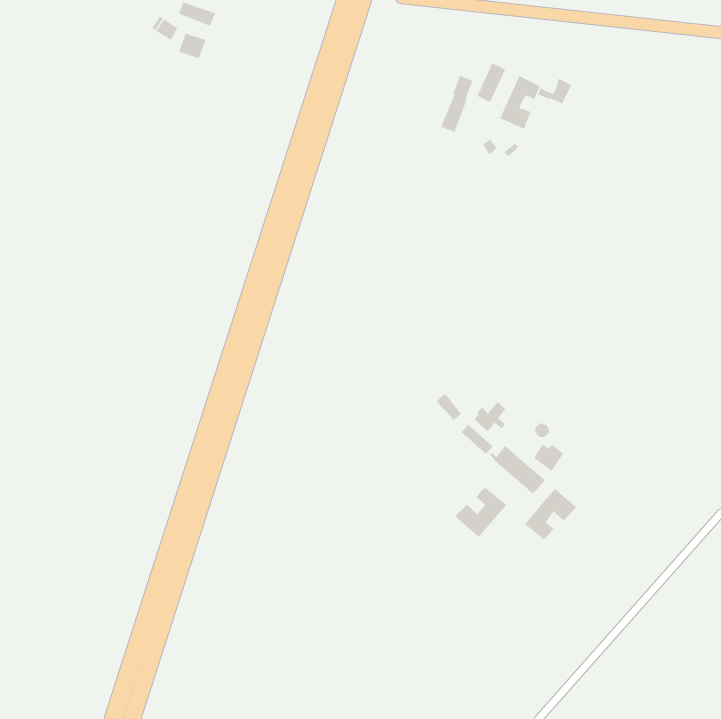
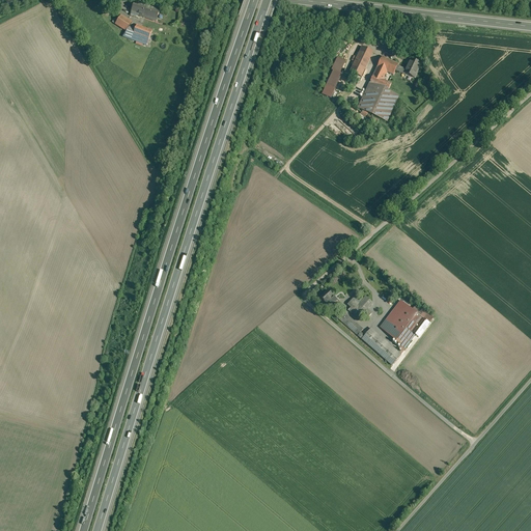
building: [454,486,507,538] -> none
building: [524,488,577,541] -> none

